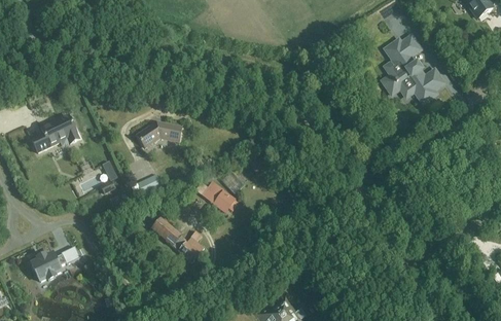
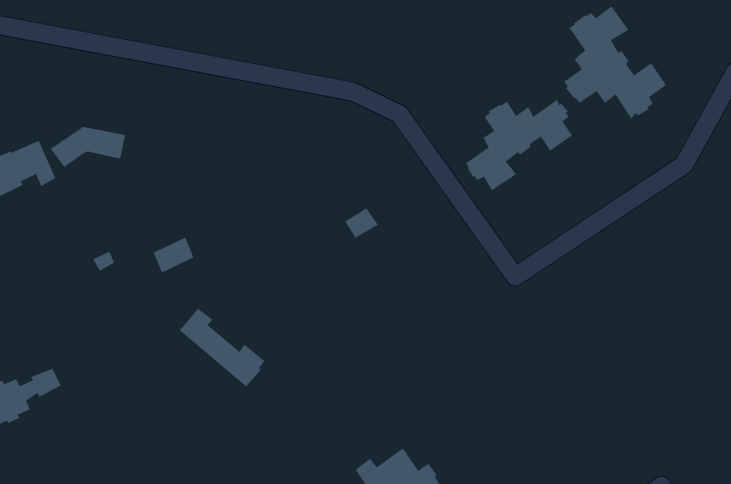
building: none -> [465,99,573,191]
building: [137,121,182,146] -> [50,126,126,168]
building: [195,180,236,213] -> none

